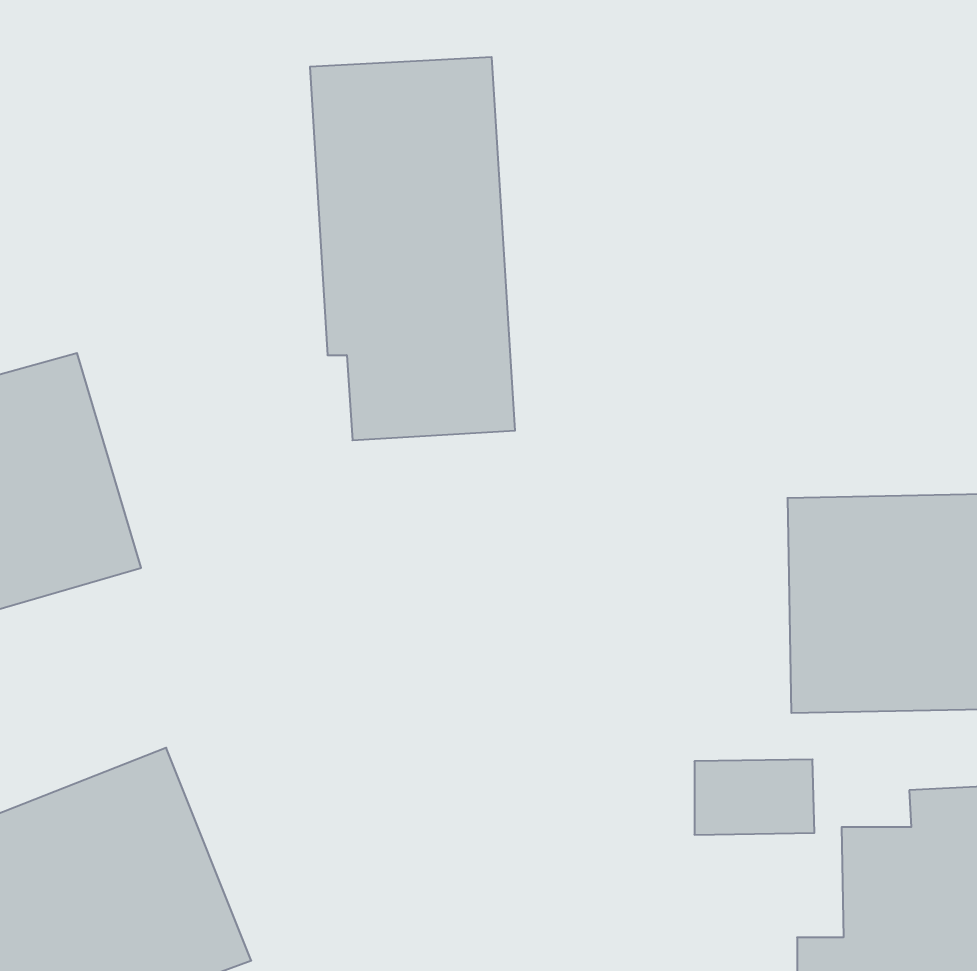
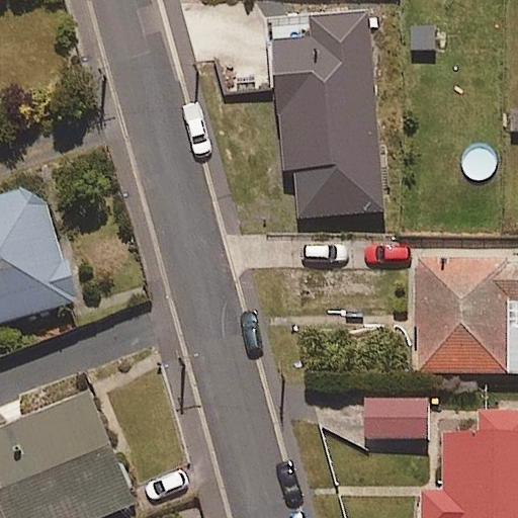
building: [310,57,515,440] -> [275,16,382,217]

